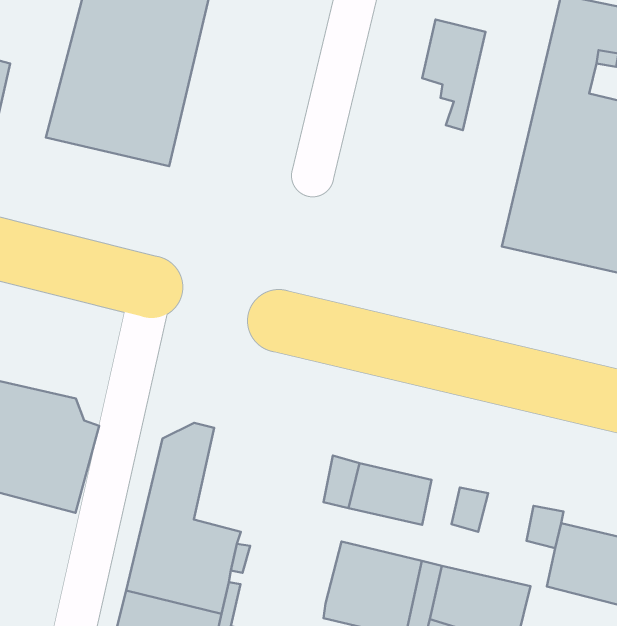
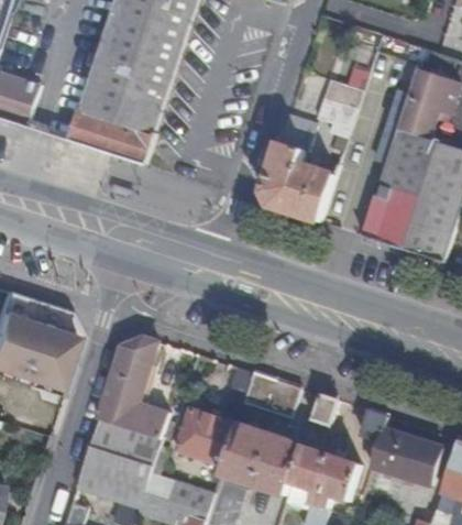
building: none -> [249,109,329,221]
building: none -> [178,408,238,466]

